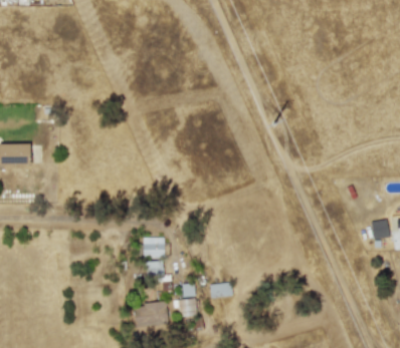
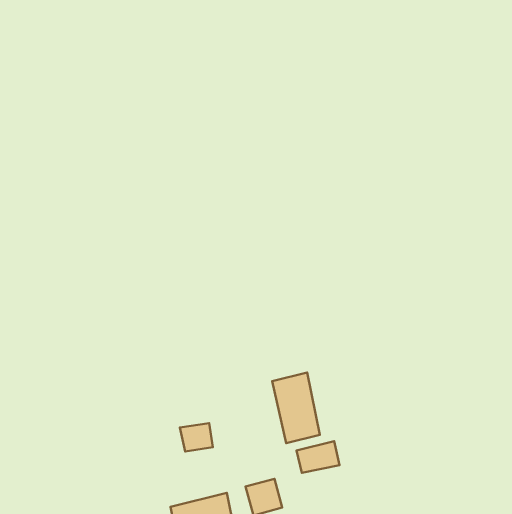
building: [143,238,165,257] -> none
building: none -> [272,373,320,443]

